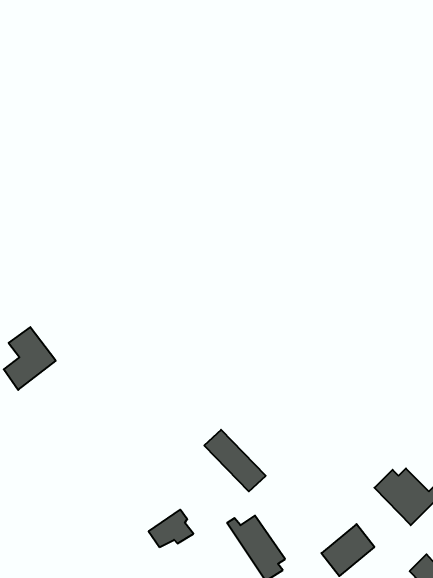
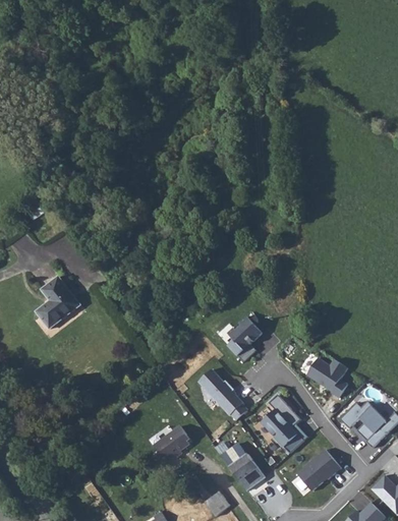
building: none -> [227,314,263,360]
building: none -> [306,356,348,395]
building: none -> [261,394,307,453]

